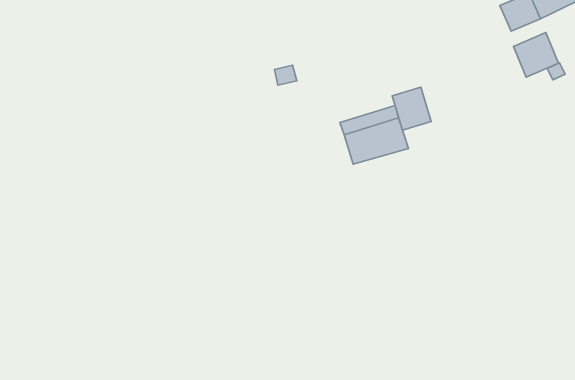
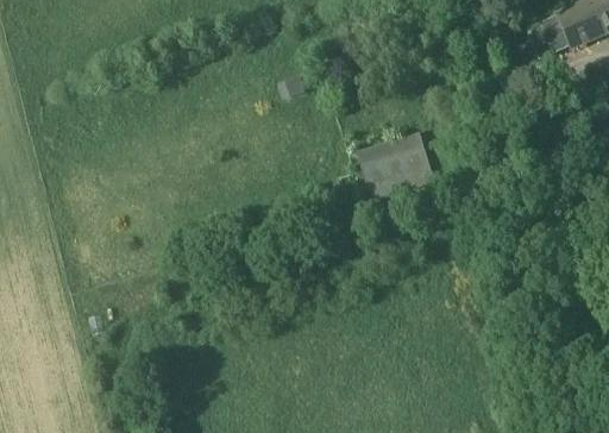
building: [513,33,559,77] -> none
building: [392,87,431,130] -> none

